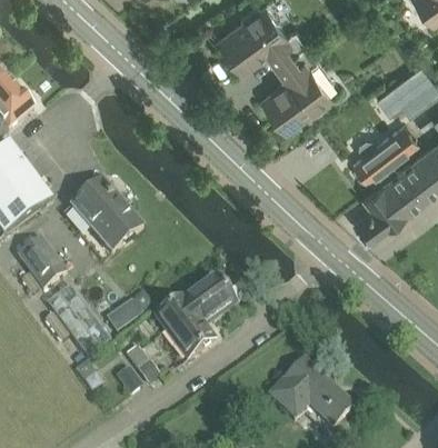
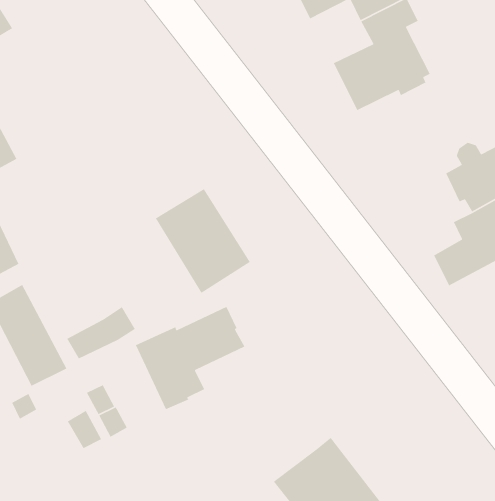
building: [71,182,143,257] -> [155,188,251,294]

